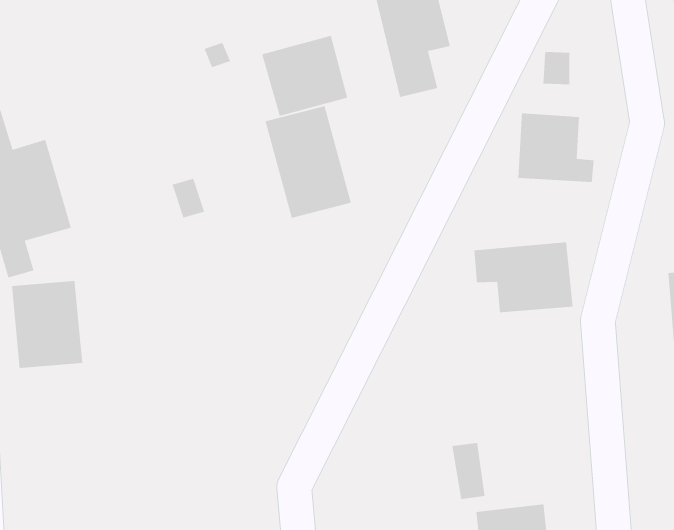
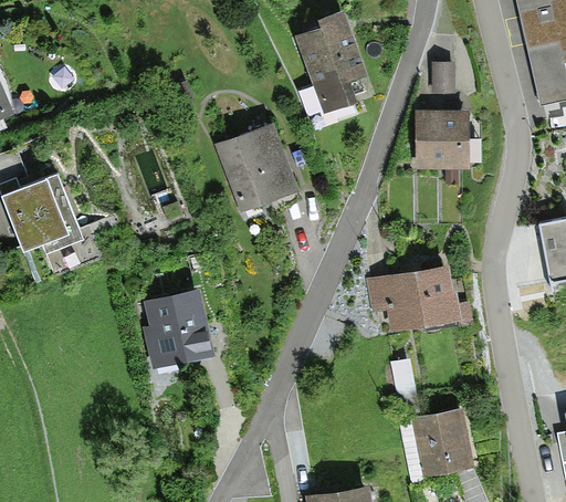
building: [261,35,348,117] -> none
building: [473,241,574,313] -> [374,270,454,330]
building: [11,280,83,369] -> [146,292,207,364]

